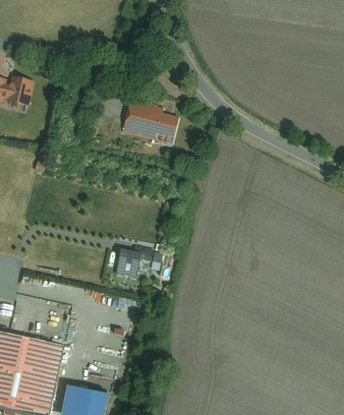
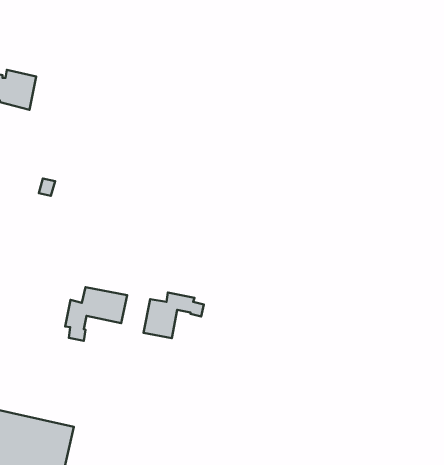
building: [122,97,179,144] -> none
building: none -> [65,287,127,341]

